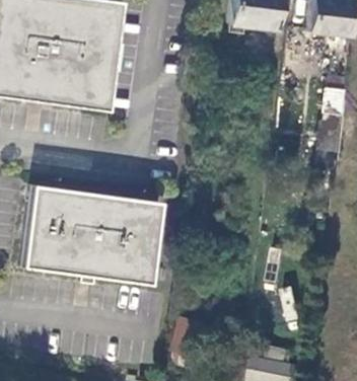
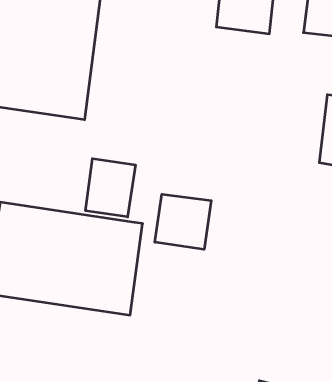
building: none -> [86,159,135,217]
building: none -> [155,194,211,249]

